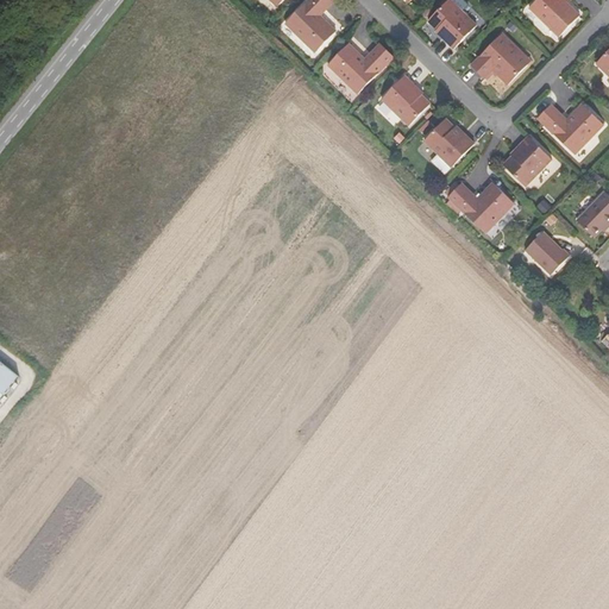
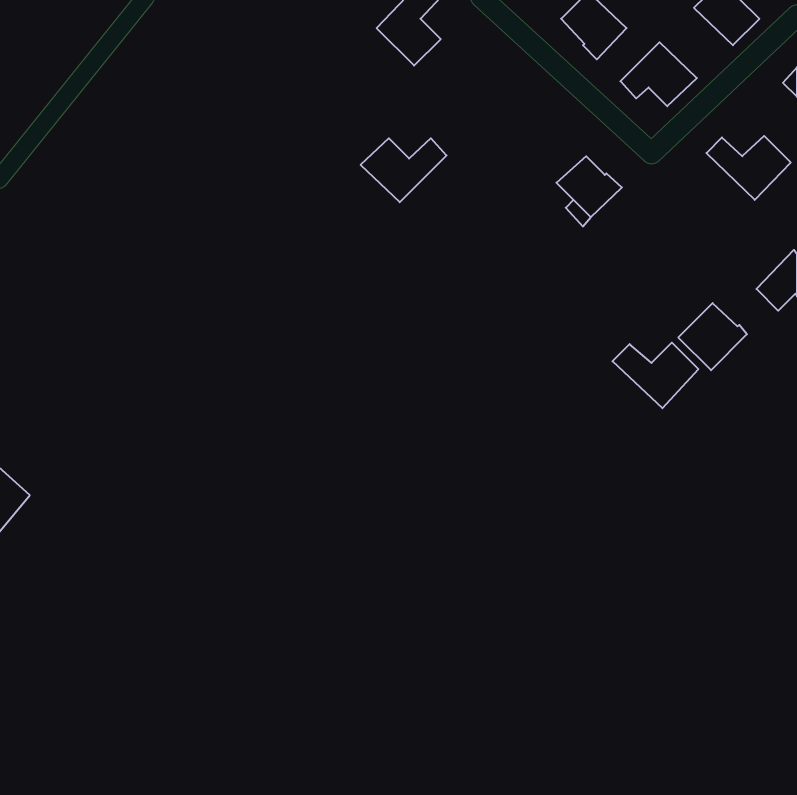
building: [327,43,393,92] -> [361,138,447,202]
building: [381,75,431,126] -> none
building: [503,136,551,184] -> none
building: [447,182,513,232] -> [612,343,698,408]

